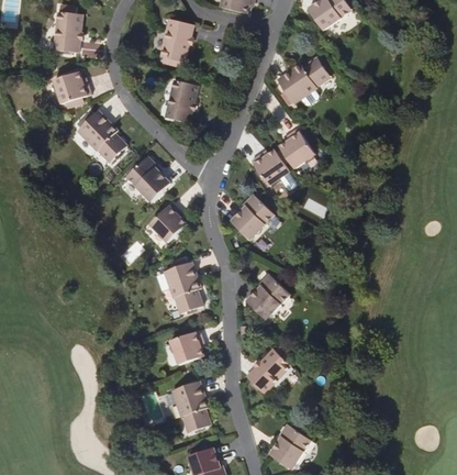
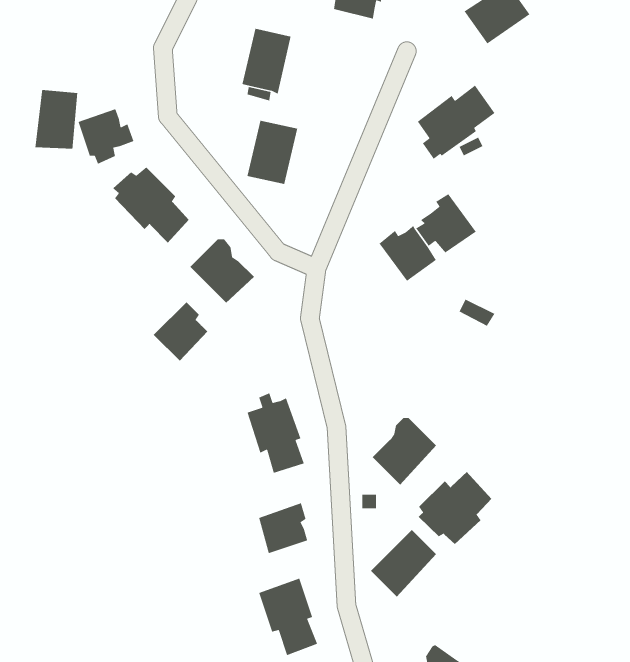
building: [54,11,82,51] -> [35,89,78,149]
building: [231,196,274,240] -> none
building: [149,202,186,242] -> [153,301,208,361]
building: none -> [418,471,492,545]

